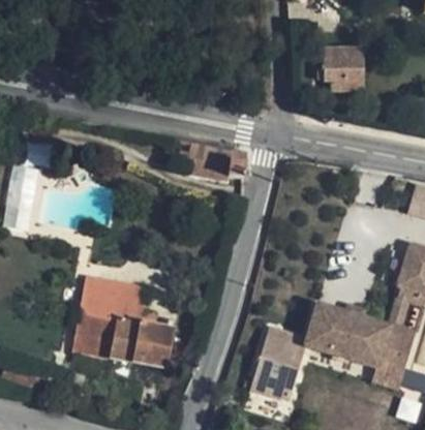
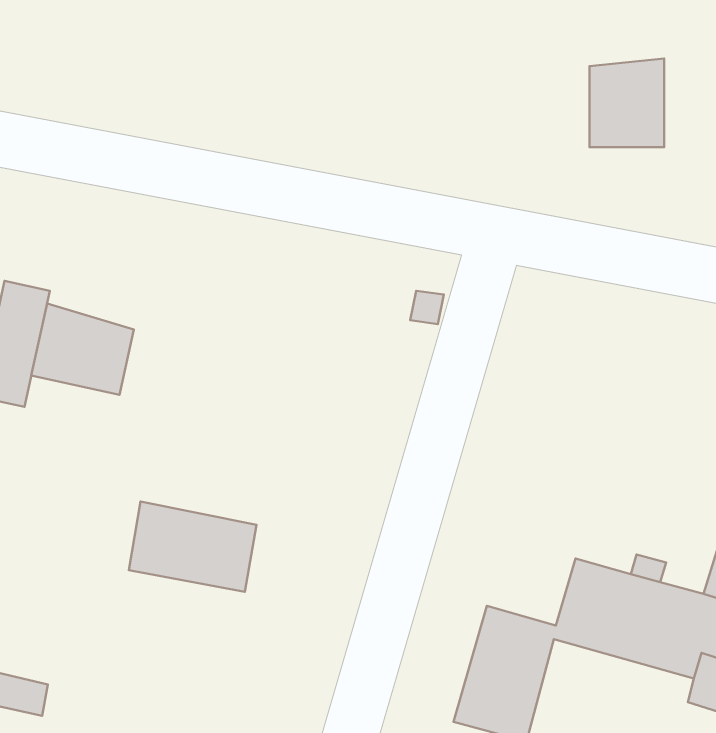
building: none -> [31,304,134,395]
building: [74,311,174,366] -> none

